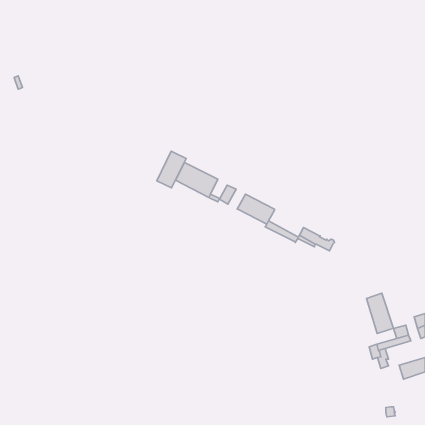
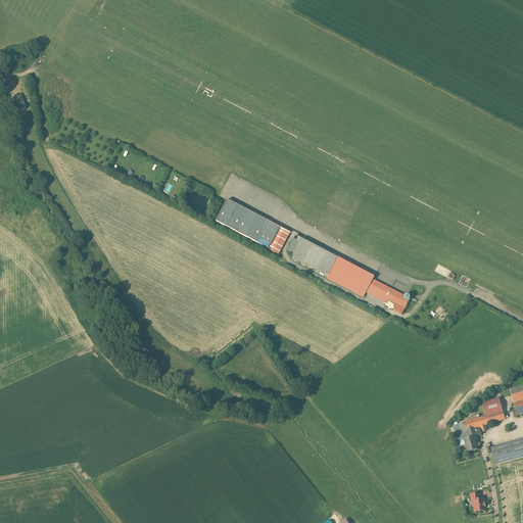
building: [157,151,186,188] -> none
building: none -> [330,256,374,290]
building: [366,293,393,333] -> none

